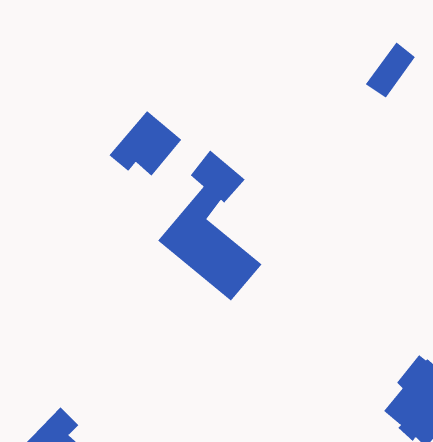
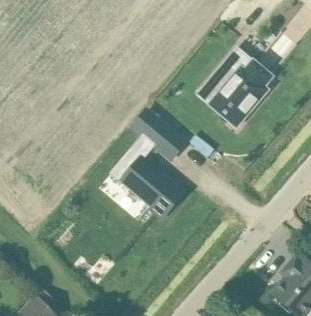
building: none -> [198,50,274,130]
building: [108,110,182,176] -> none

